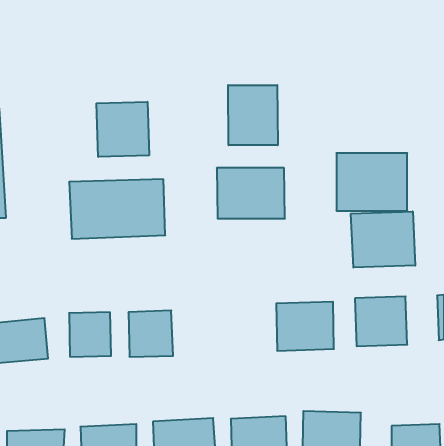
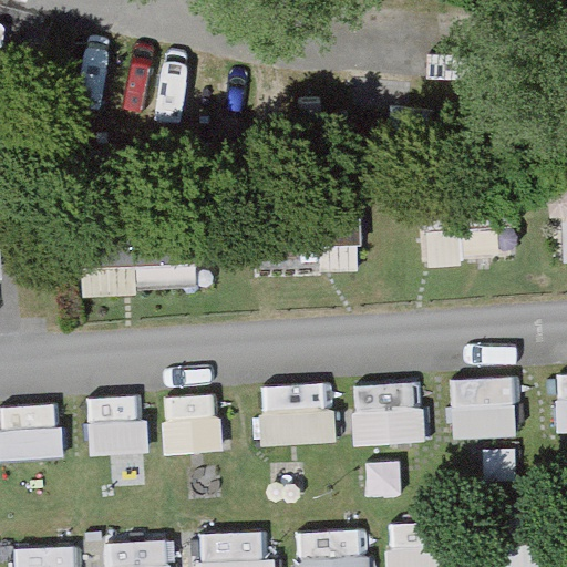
building: [228,85,278,145] -> none
building: [97,102,149,157] -> none
building: [351,211,415,268] -> none
building: none -> [259,385,330,445]

